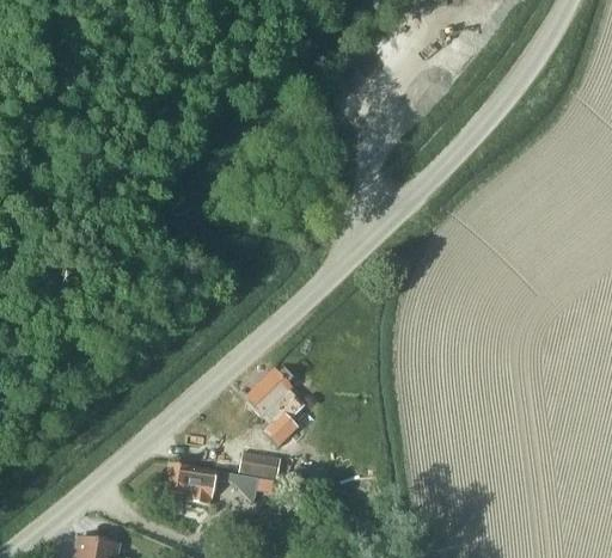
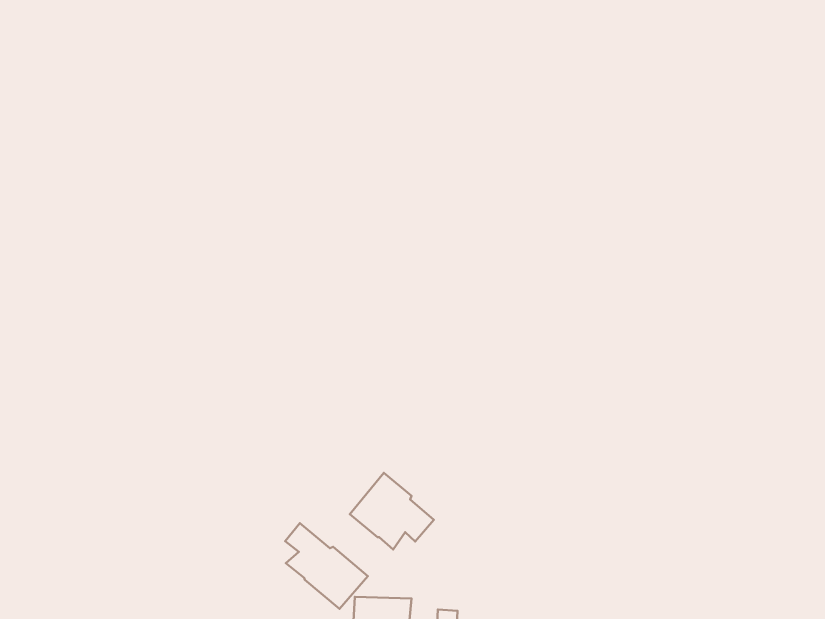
building: none -> [285,523,368,609]

